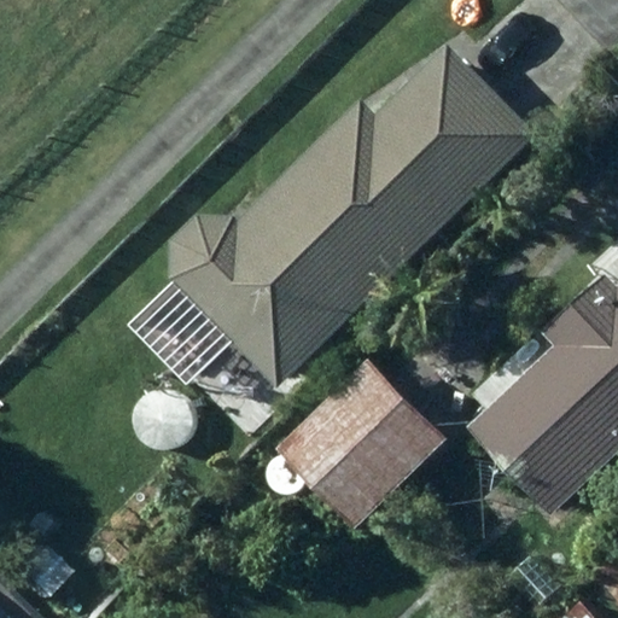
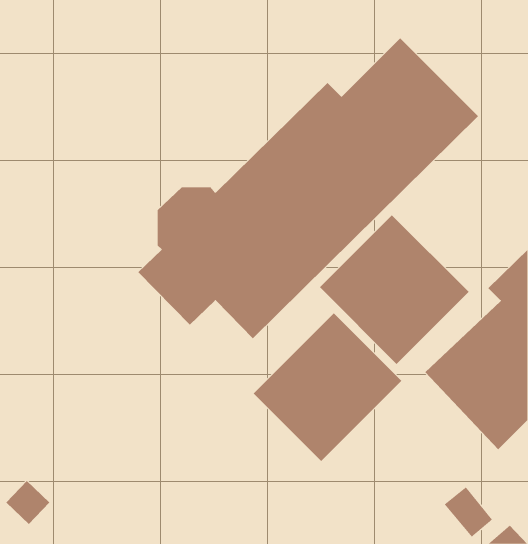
building: none -> [319,214,469,365]

